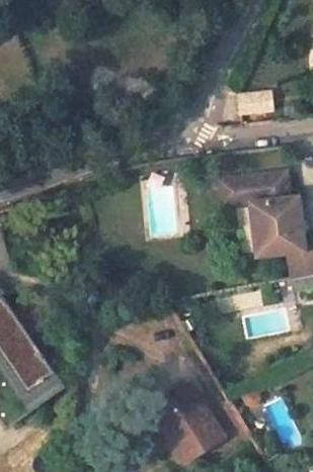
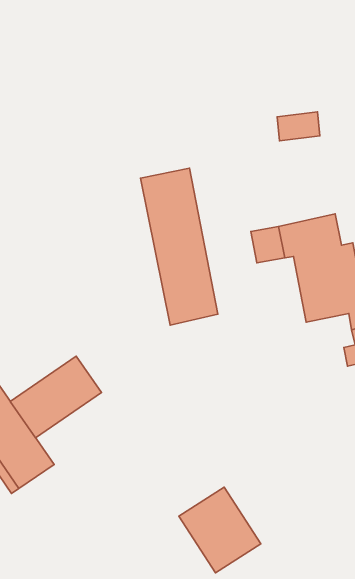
building: none -> [141,168,218,325]
building: none -> [10,356,102,438]

